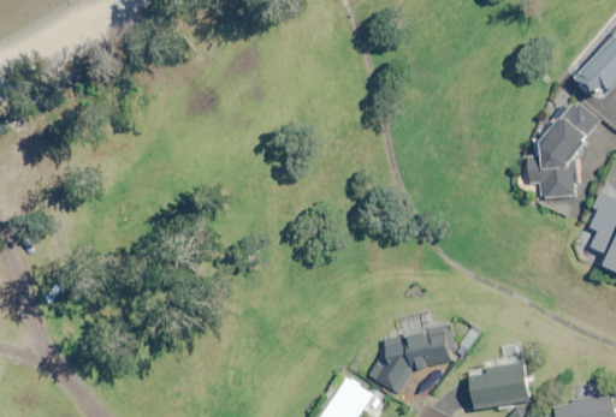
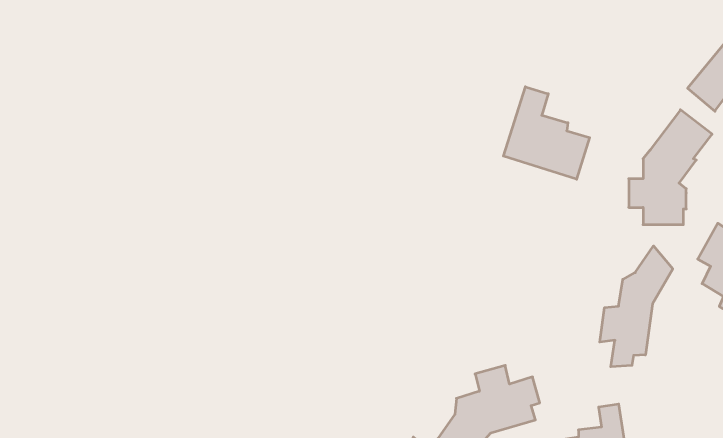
building: none -> [503,87,590,179]
building: none -> [600,246,673,367]

